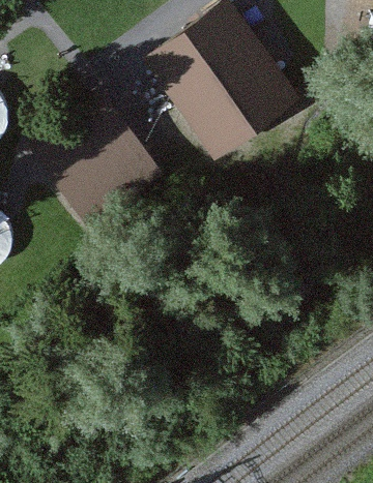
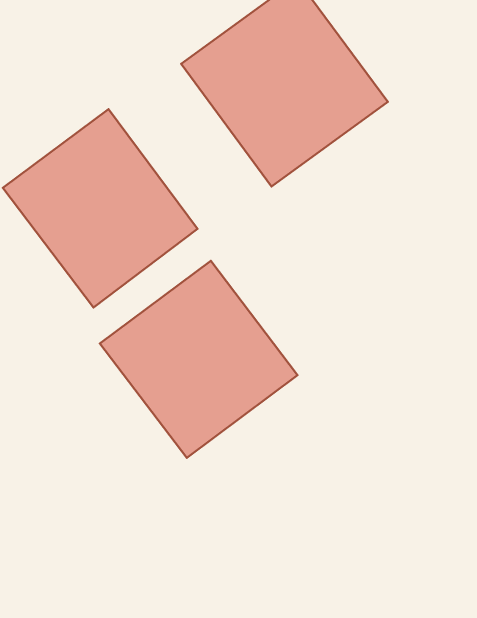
building: none -> [100,261,297,458]

